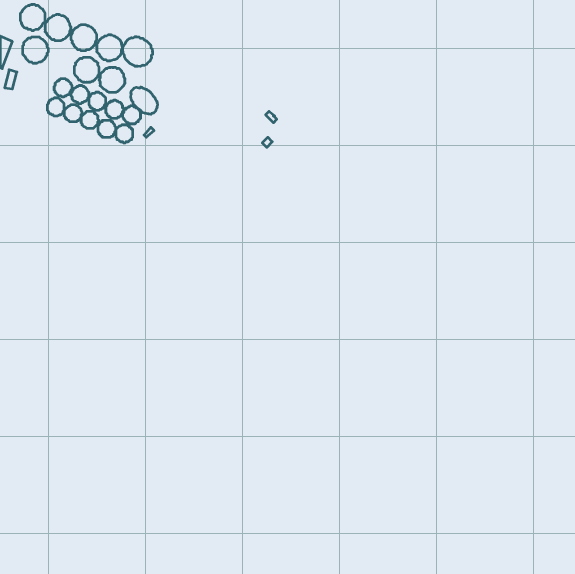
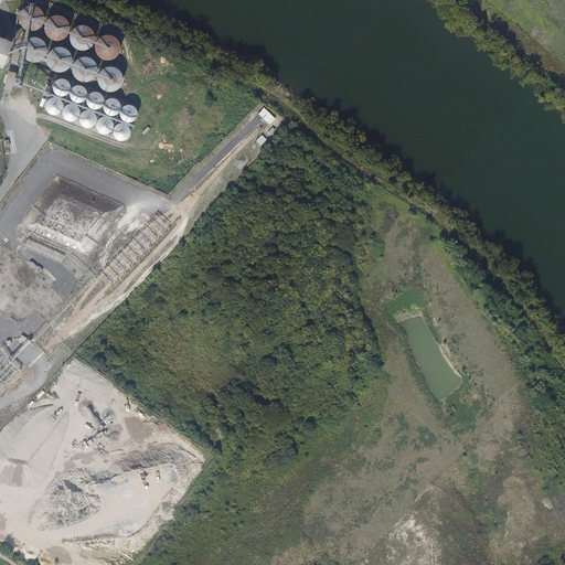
building: [123,37,153,66] -> none
building: none -> [47,46,72,71]
building: [131,87,158,114] -> none

